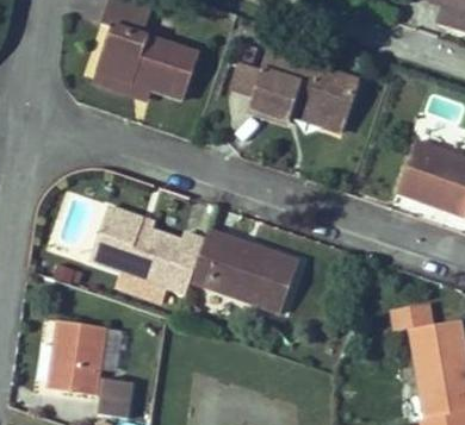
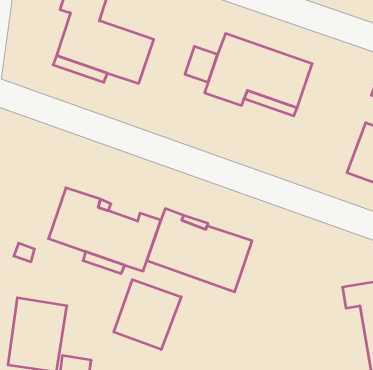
building: none -> [114,280,181,350]

